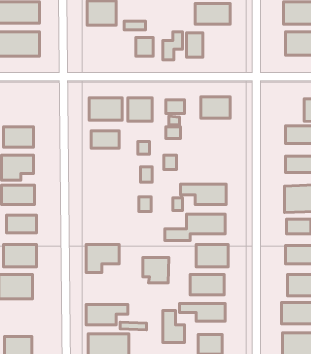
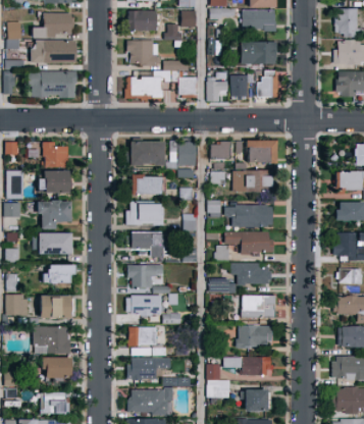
building: none -> [126,77,162,99]
building: none -> [257,77,276,98]
building: none -> [43,144,67,166]
building: none -> [241,170,272,193]
building: none -> [126,203,163,225]
building: none -> [226,205,272,227]
building: none -> [131,231,165,256]
building: none -> [128,265,162,287]
building: [143,258,169,283] -> [128,327,156,354]
building: none -> [41,358,71,378]

